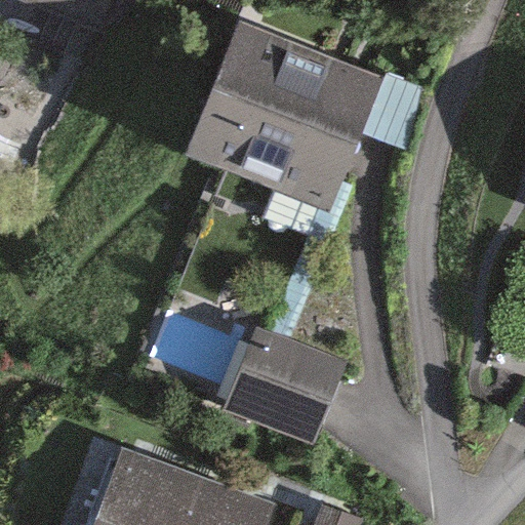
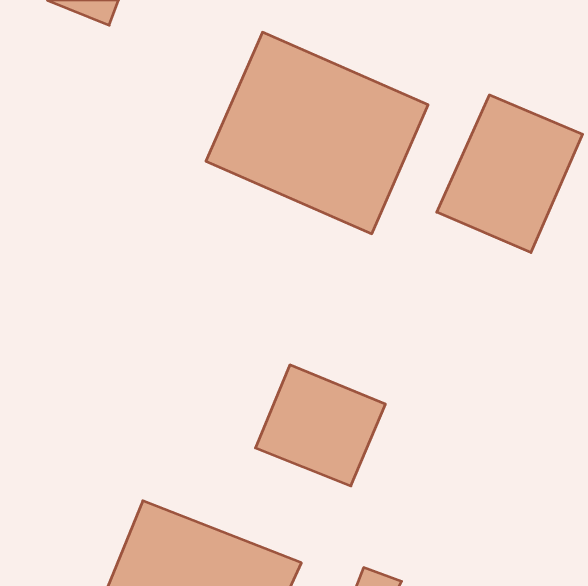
building: none -> [437,95,583,253]

